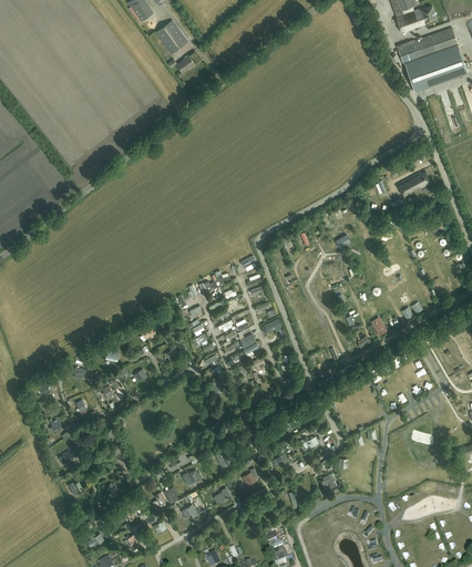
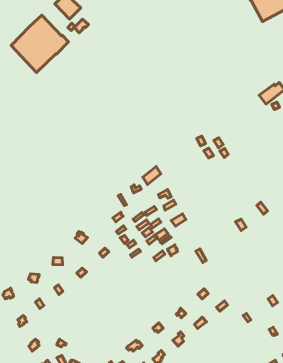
building: none -> [11,15,69,73]

